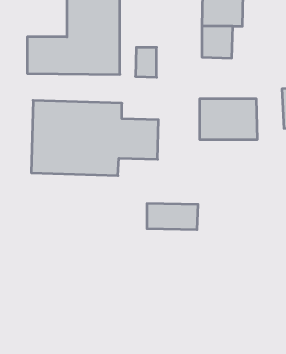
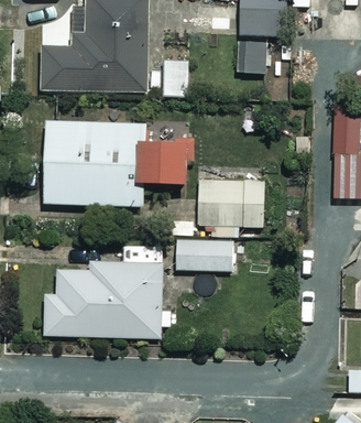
building: [200,99,257,139] -> [198,180,264,226]
building: none -> [44,262,161,337]

